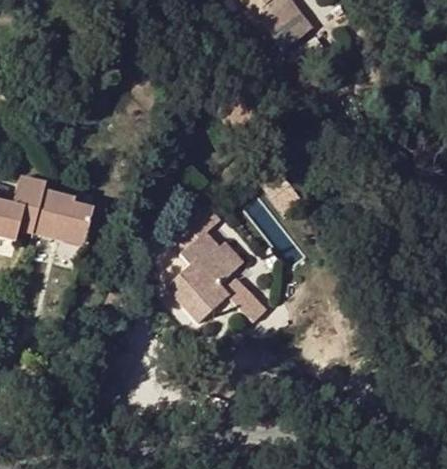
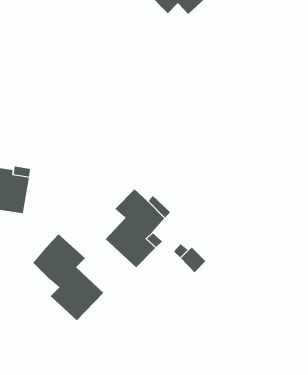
building: none -> [33,233,104,321]

